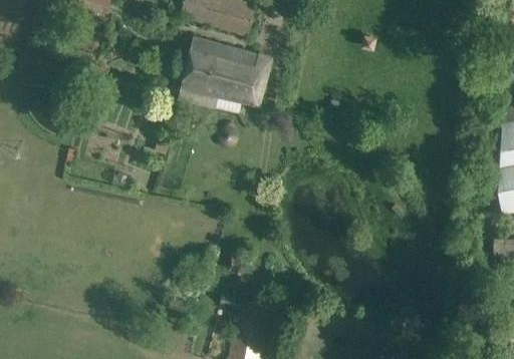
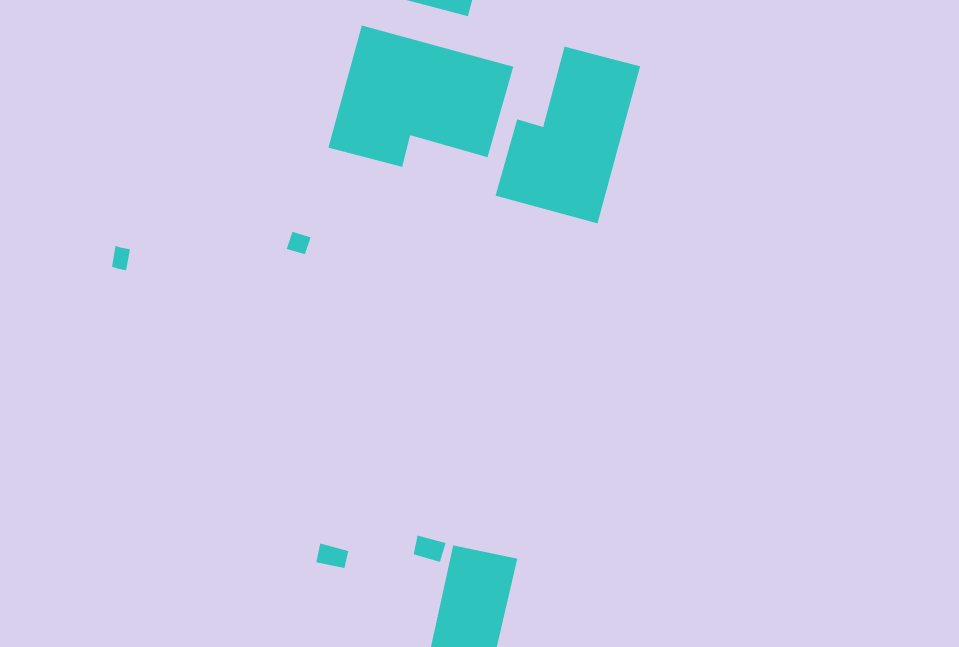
building: none -> [495,46,641,224]

